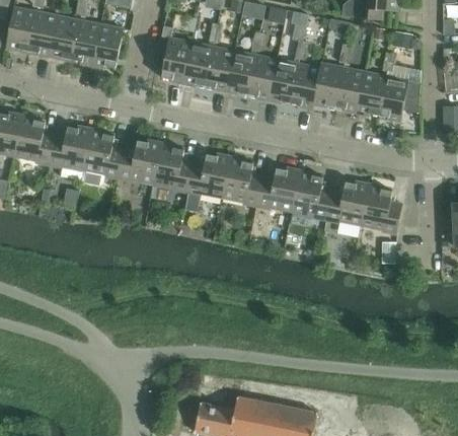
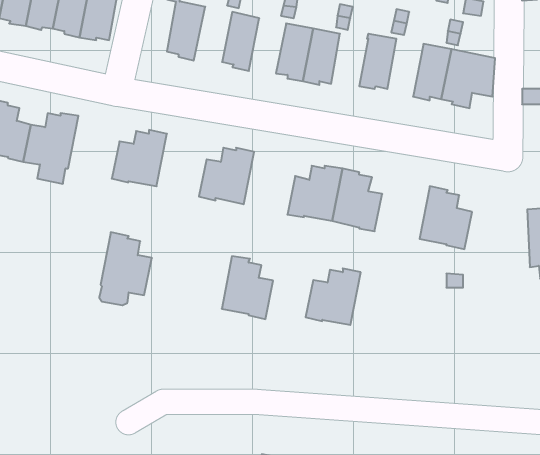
building: [182,42,213,86] -> none
building: [226,51,255,94] -> none
building: [291,63,320,110] -> none
building: [335,67,364,113] -> none
building: [82,128,124,186] -> [99,232,152,305]
building: [153,142,193,192] -> none
building: [222,156,262,206] -> [222,256,273,319]
building: [325,180,369,225] -> [306,268,361,325]

